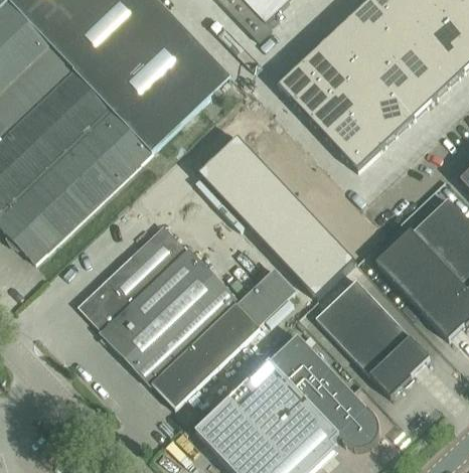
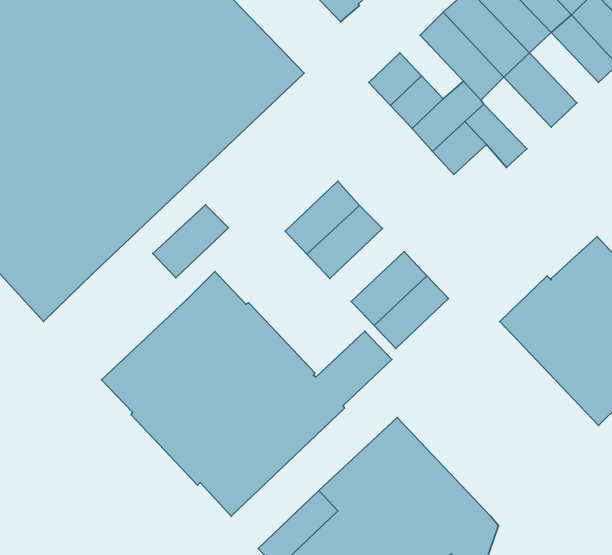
building: [398,45,449,98] -> none
building: [301,47,348,95] -> none
building: [361,78,414,132] -> none
building: [341,129,380,168] -> none
building: [198,139,255,193] -> [153,205,228,278]
building: [249,191,304,246] -> none
building: [298,244,354,299] -> none
building: [316,277,431,395] -> none

